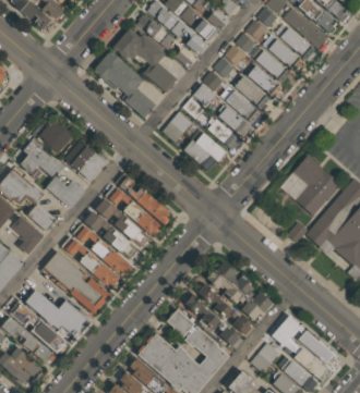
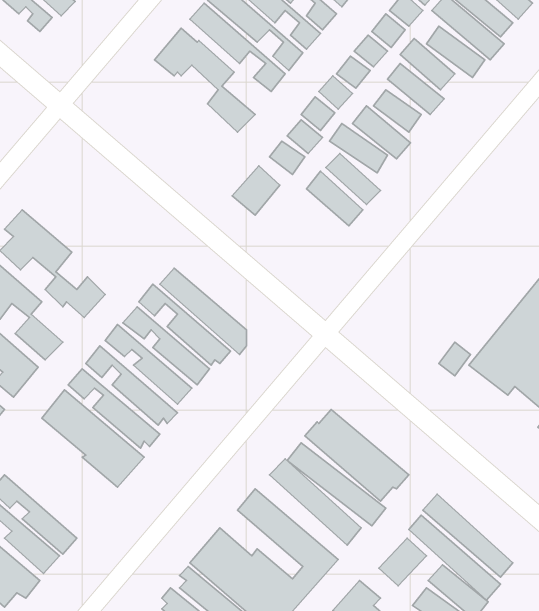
building: [96,53,155,118] -> none
building: [39,118,74,152] -> none
building: [184,132,228,169] -> none
building: [71,145,109,183] -> none
building: [280,156,344,219] -> none
building: [24,288,86,333] -> none

